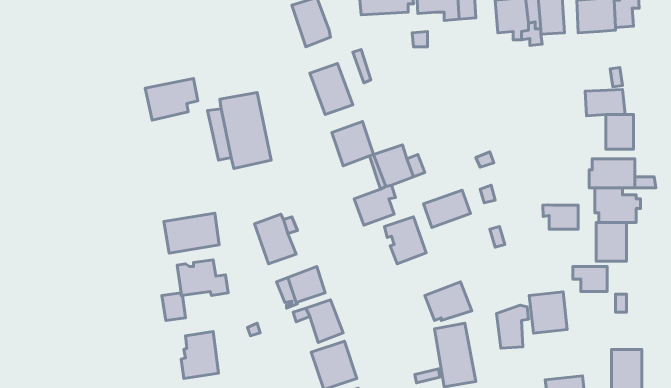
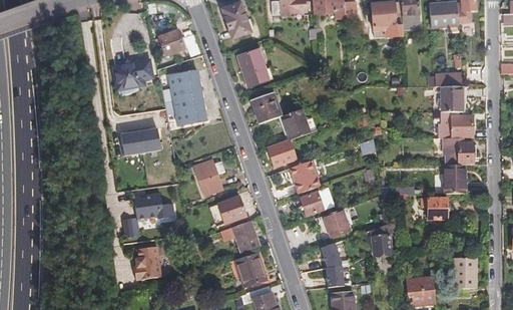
building: none -> [159,30,185,57]
building: [424,190,471,227] -> [299,189,333,216]
building: [543,205,578,229] -> none
building: [164,213,219,253] -> [122,126,162,156]
building: [529,292,567,333] -> none

